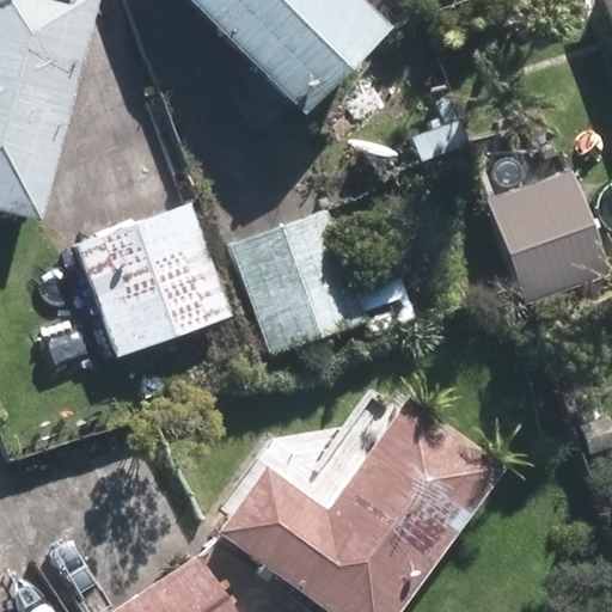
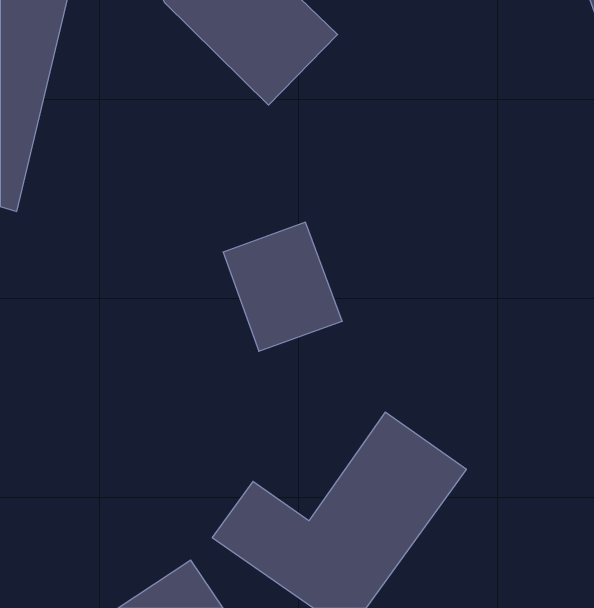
building: [488,172,605,301] -> none
building: [85,209,227,348] -> none

